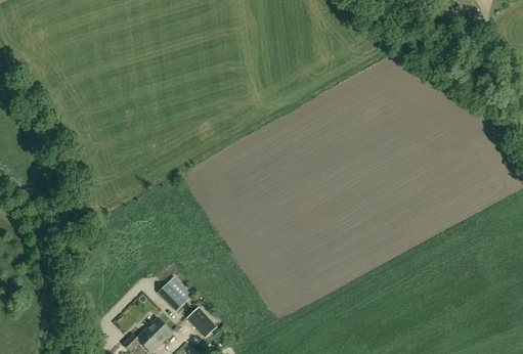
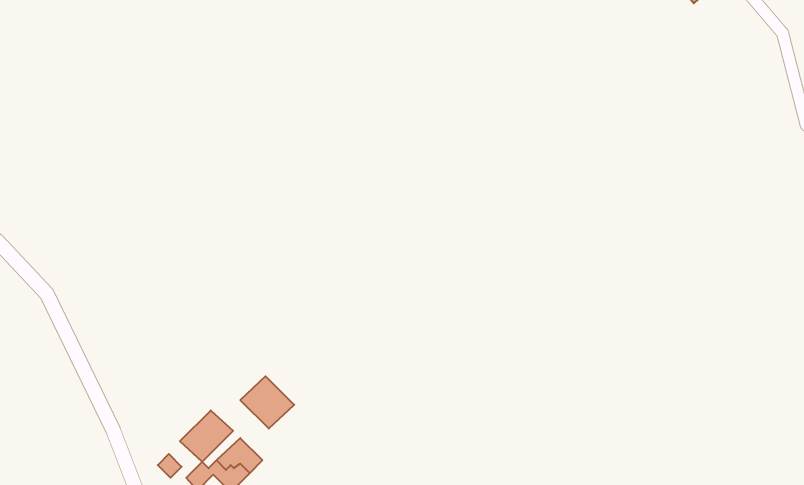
building: none -> [180,410,233,462]
building: [187,306,217,337] -> none

